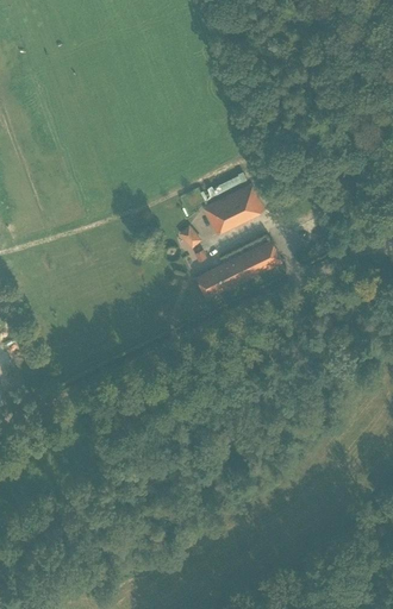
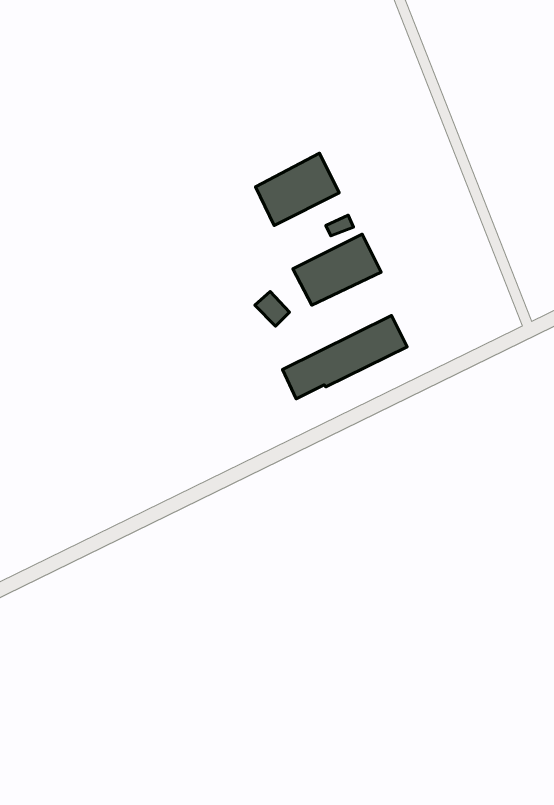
building: none -> [256,153,339,225]

